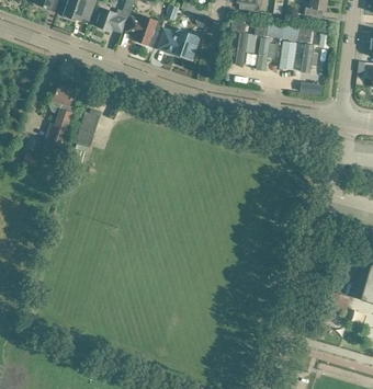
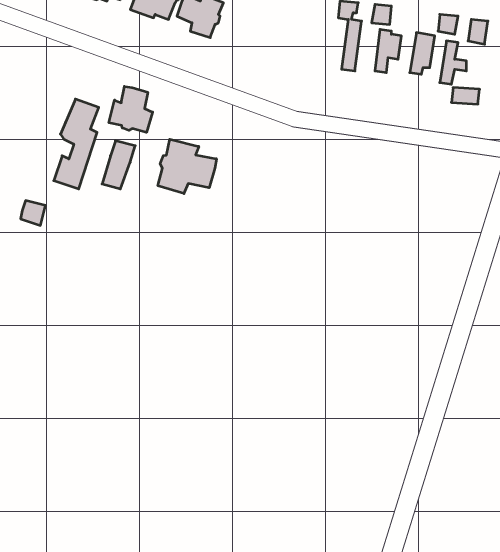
building: [158,28,199,57] -> none
building: none -> [109,86,153,132]
building: none -> [158,139,216,194]

